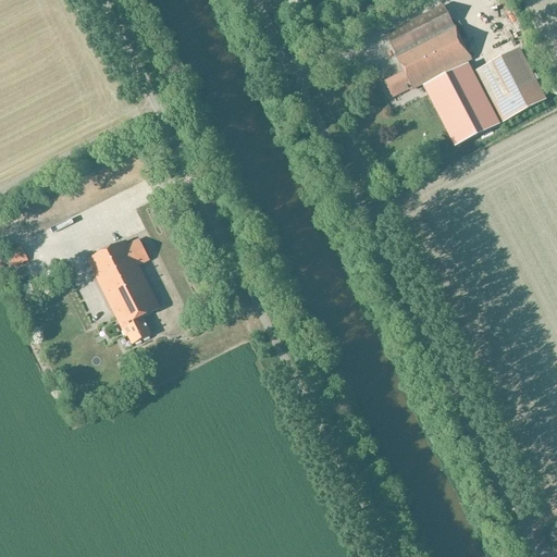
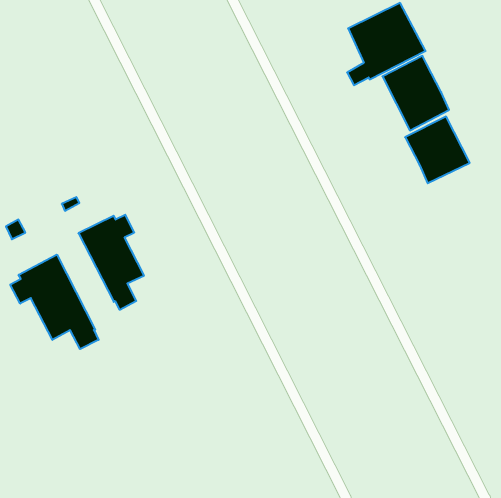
building: [473,48,545,122] -> [405,117,470,183]
building: none -> [10,255,99,349]

